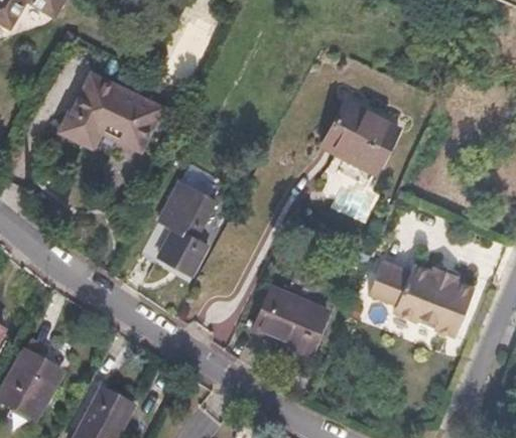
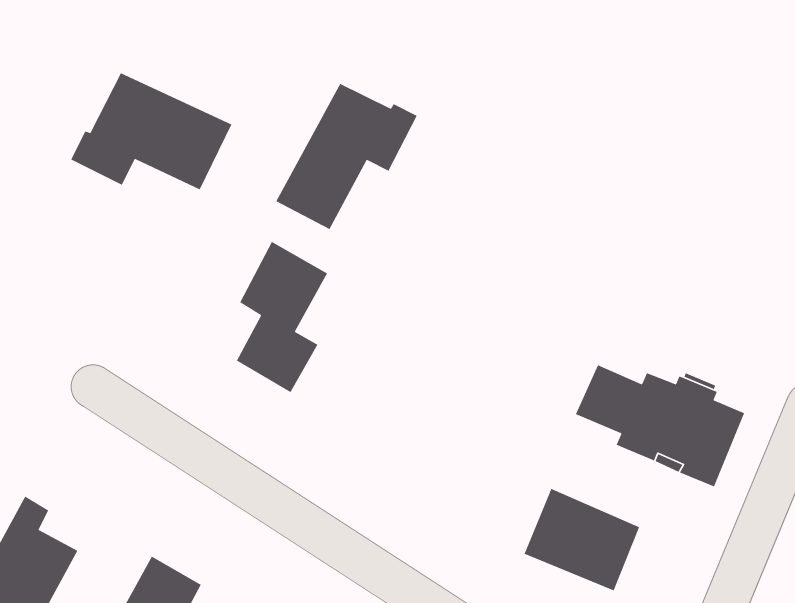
building: none -> [275,83,418,230]
building: [322,103,396,173] -> none
building: [252,288,325,352] -> [523,488,640,592]

